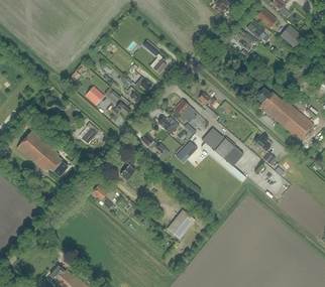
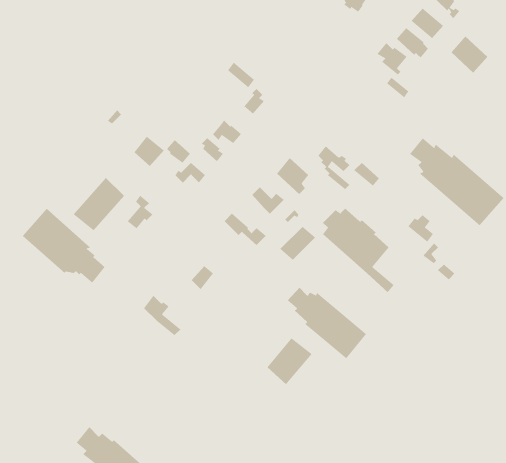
building: none -> [73,177,125,231]
building: none -> [287,287,367,359]

